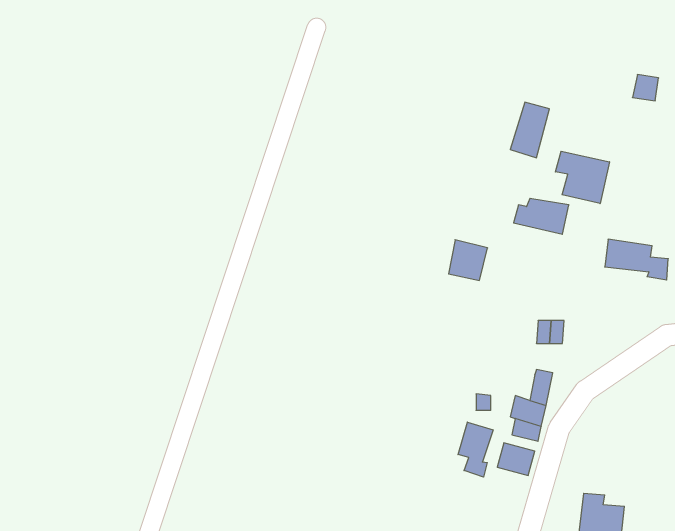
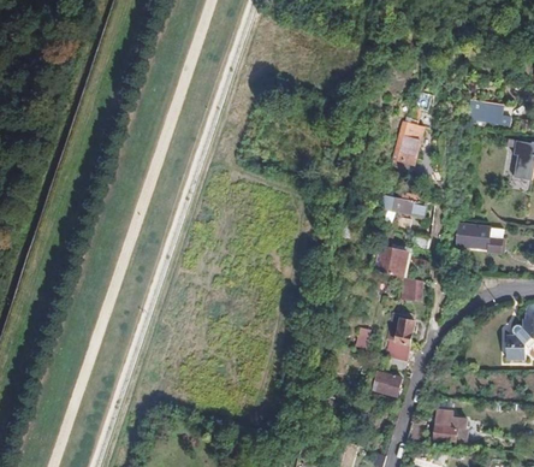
building: [555,151,609,204] -> none
building: [449,240,488,280] -> [381,247,410,277]
building: [458,422,493,477] -> none

